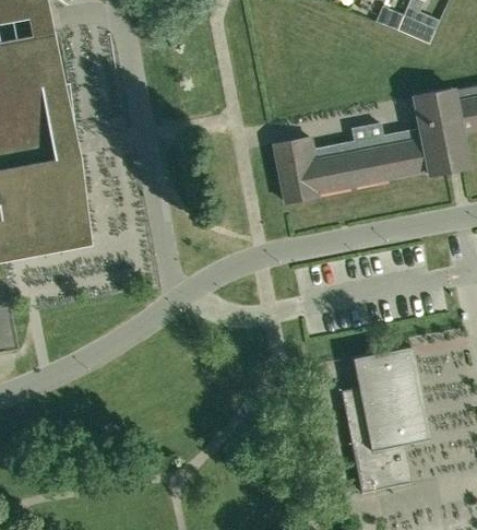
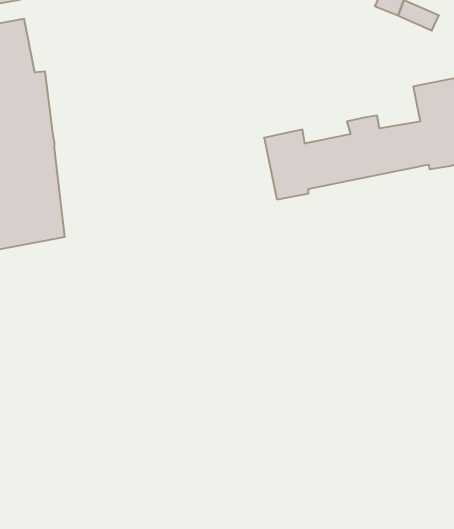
building: [342,345,429,492] -> none

